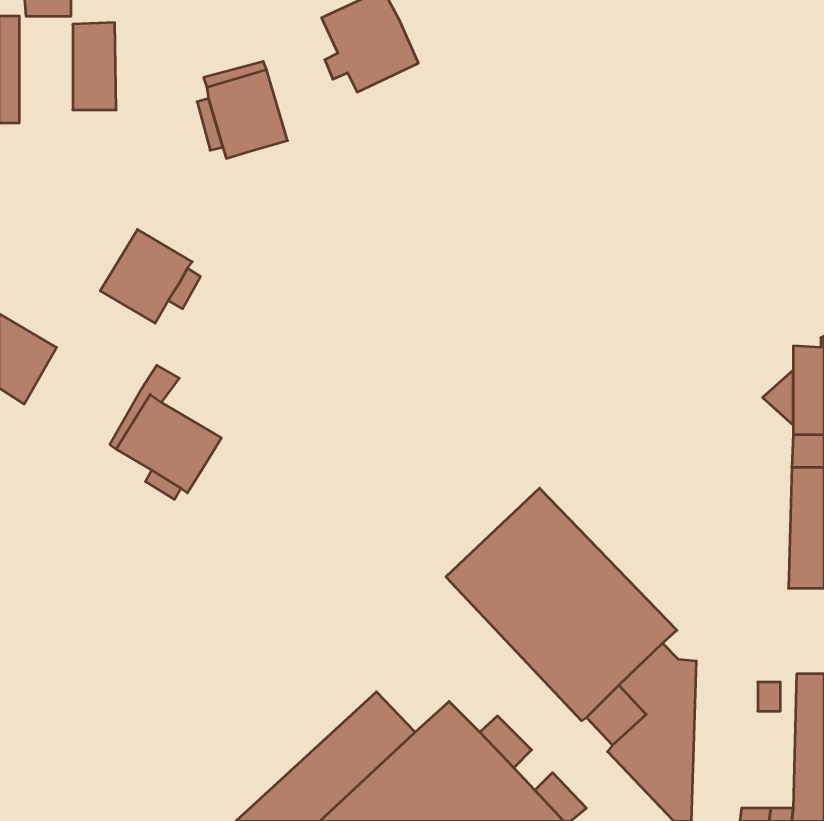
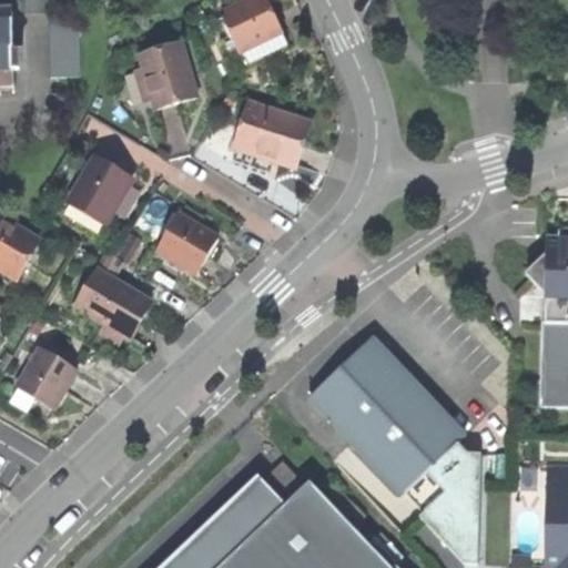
building: none -> [235,102,310,166]
building: none -> [156,213,219,273]
building: none -> [17,346,78,408]

